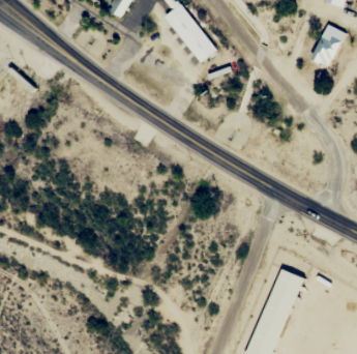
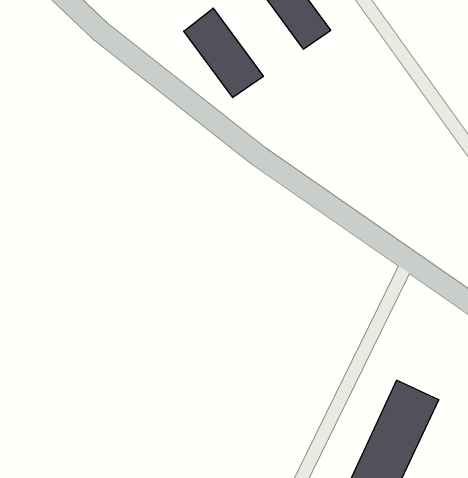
building: none -> [184,8,263,98]

